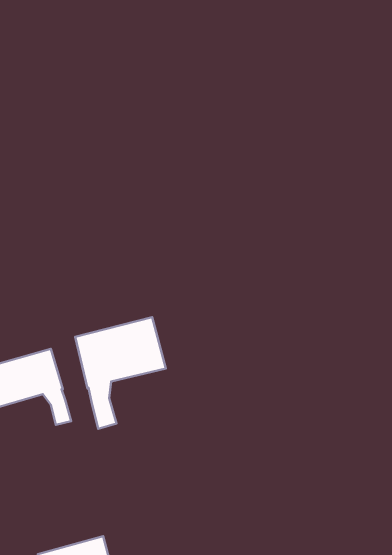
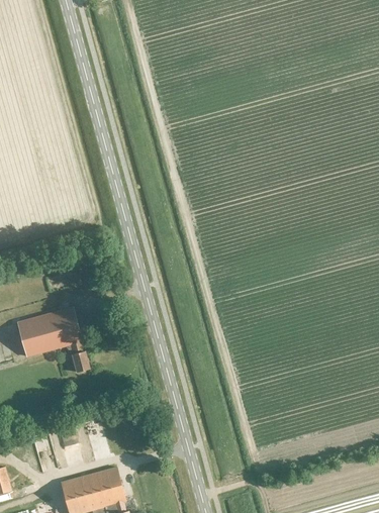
building: [75,317,166,429] -> none

